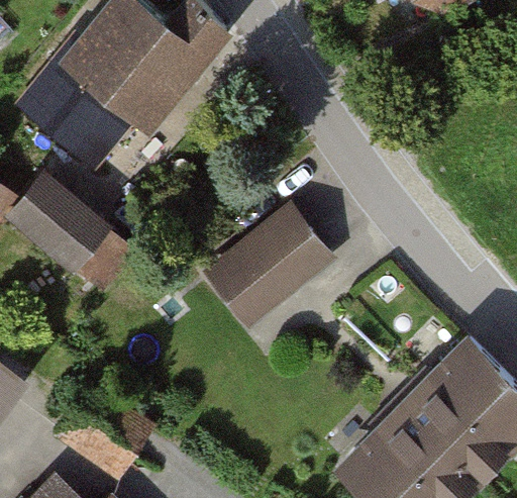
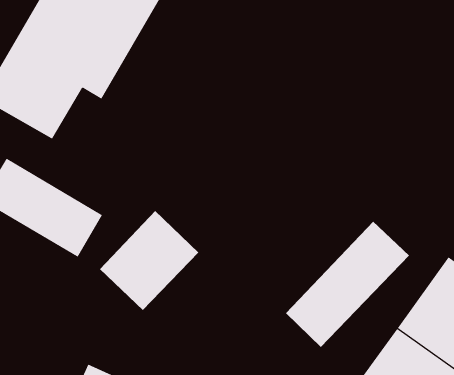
building: [227,206,330,305] -> [99,210,199,311]
building: none -> [285,221,410,348]

